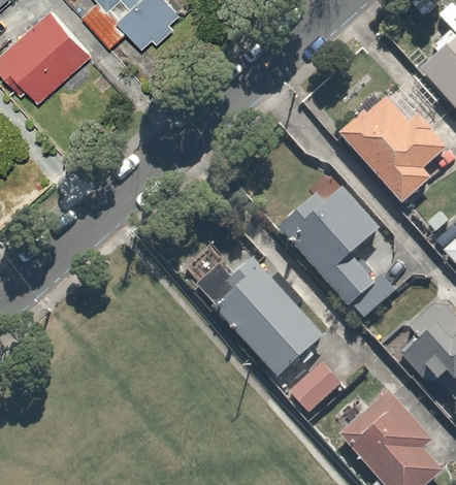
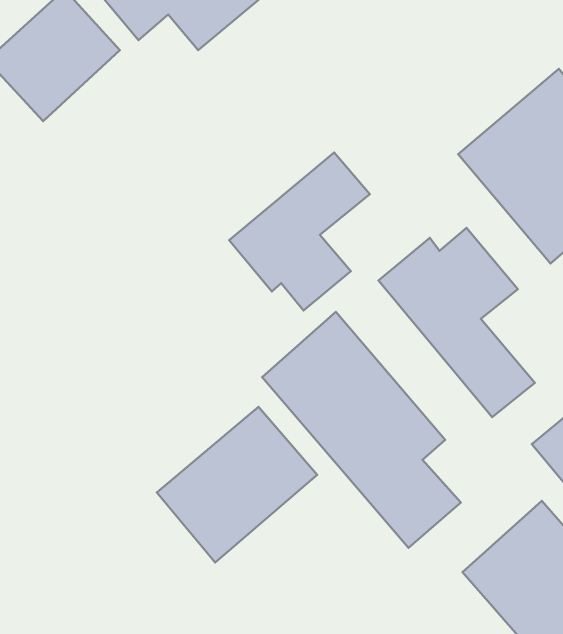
building: none -> [229,153,370,310]
building: none -> [157,407,317,562]

